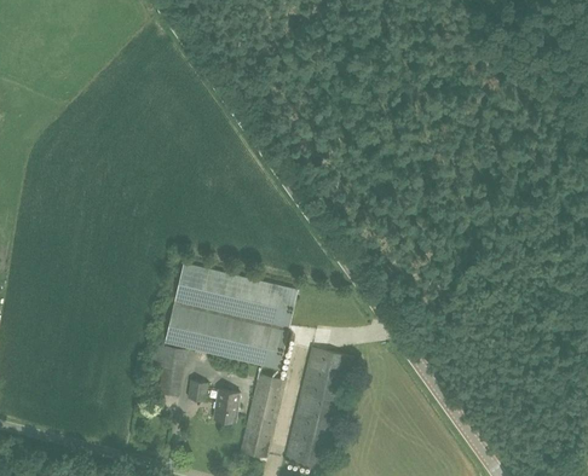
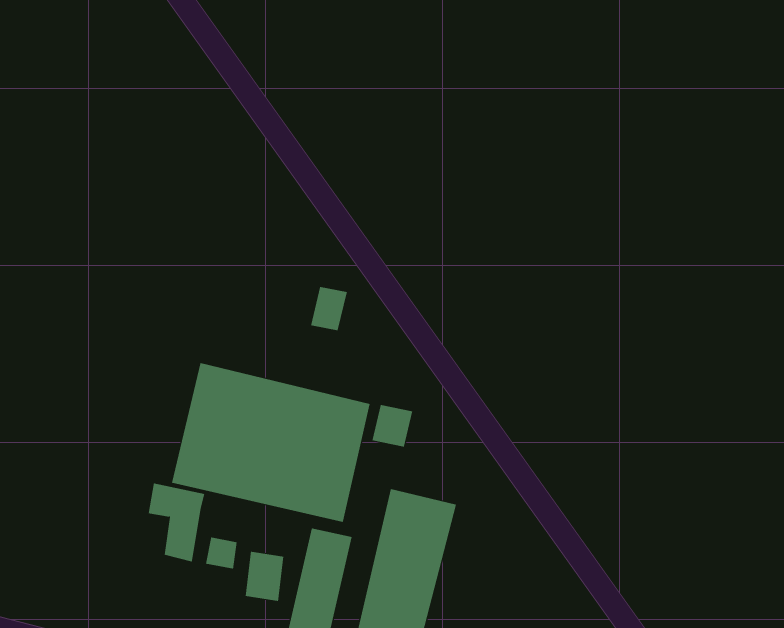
building: none -> [310,286,347,331]
building: none -> [372,404,413,447]

